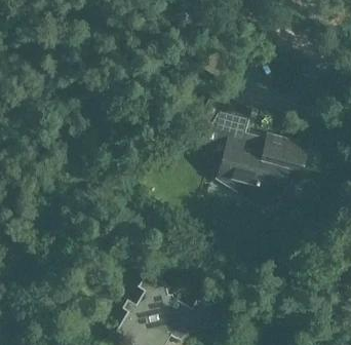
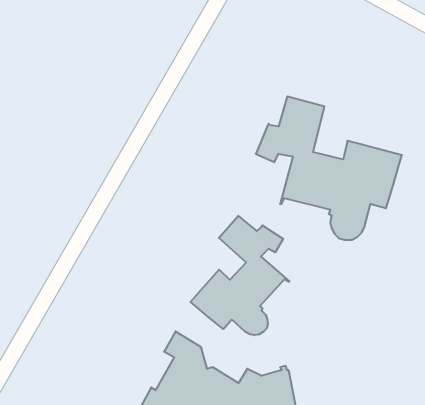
building: none -> [190,216,289,335]

